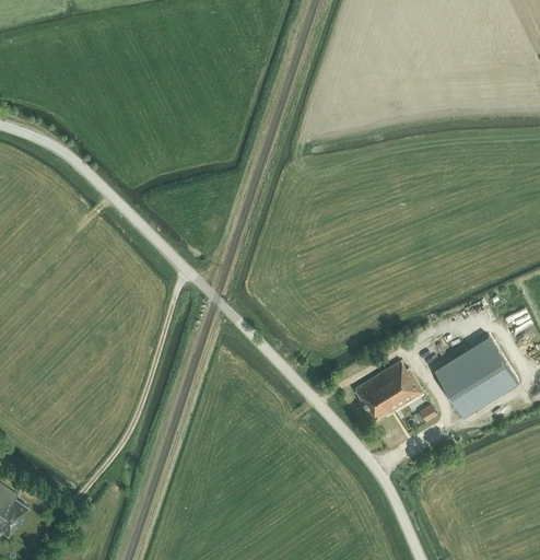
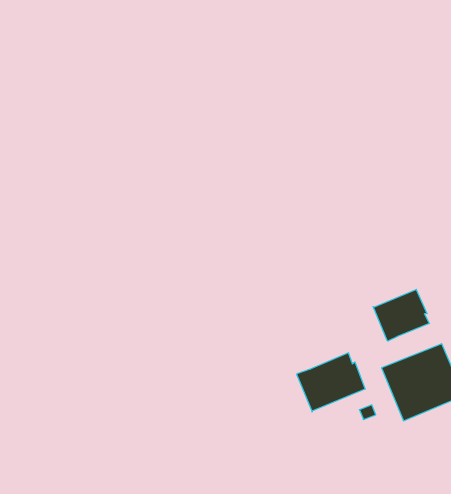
building: none -> [373,289,429,341]

